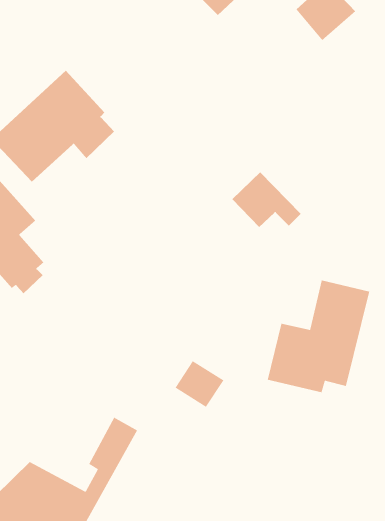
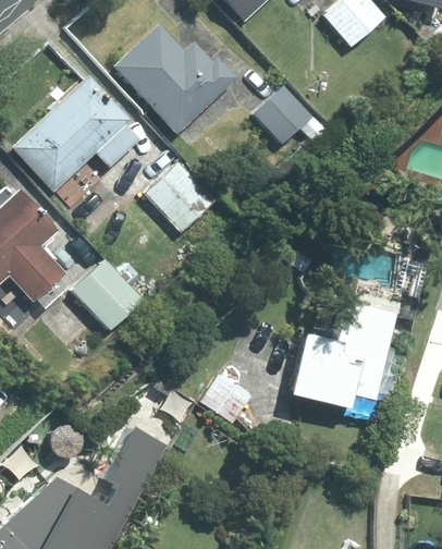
building: none -> [115,25,235,132]
building: none -> [144,161,213,232]
building: [231,171,302,228] -> [254,85,326,143]
building: none -> [73,263,139,328]

